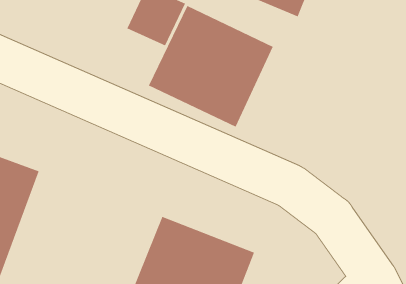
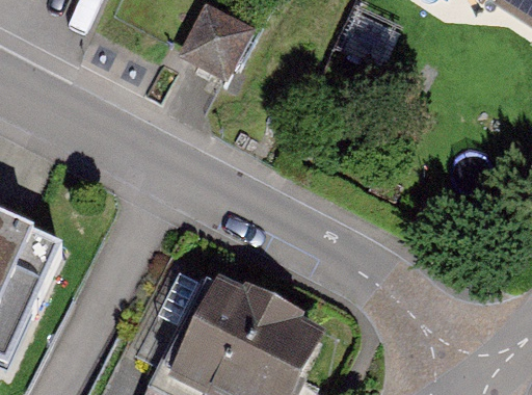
building: [148,5,273,127] -> none

